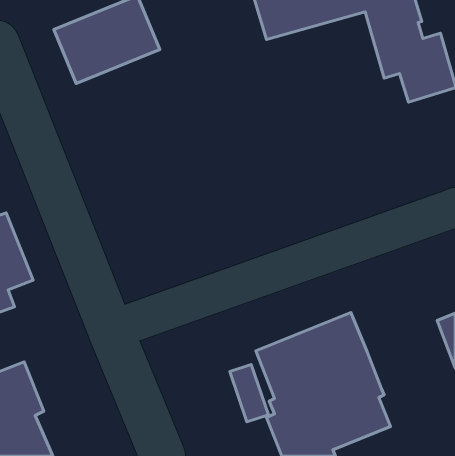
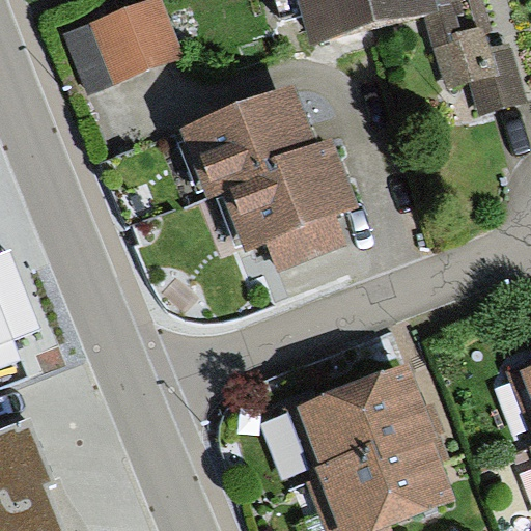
building: none -> [176,82,359,272]

